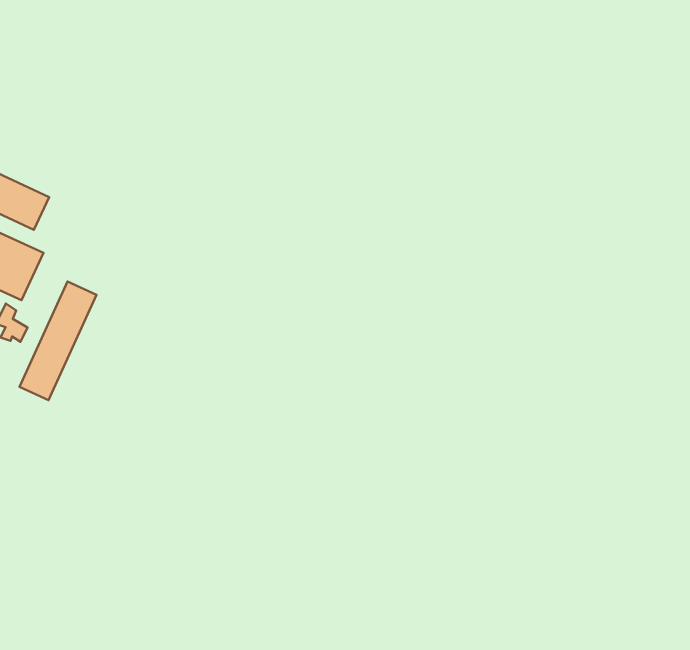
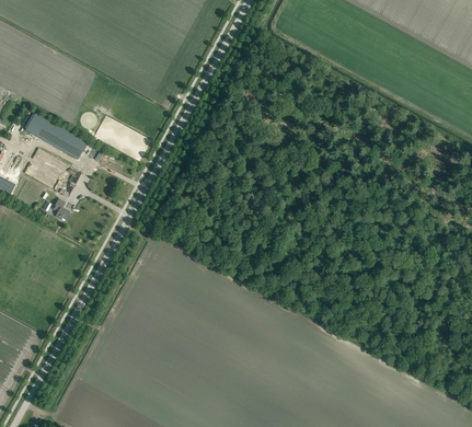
building: [20,282,97,400] -> none

